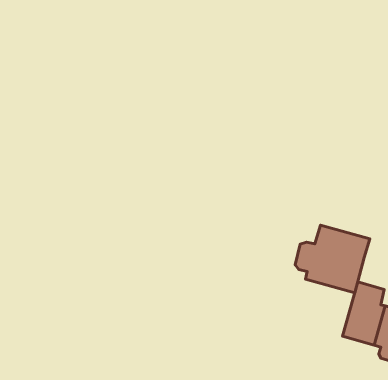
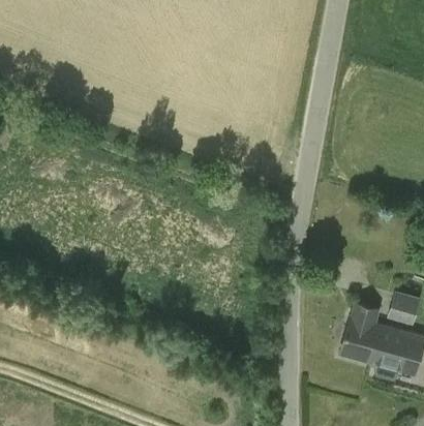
building: [295,225,370,293] -> none

